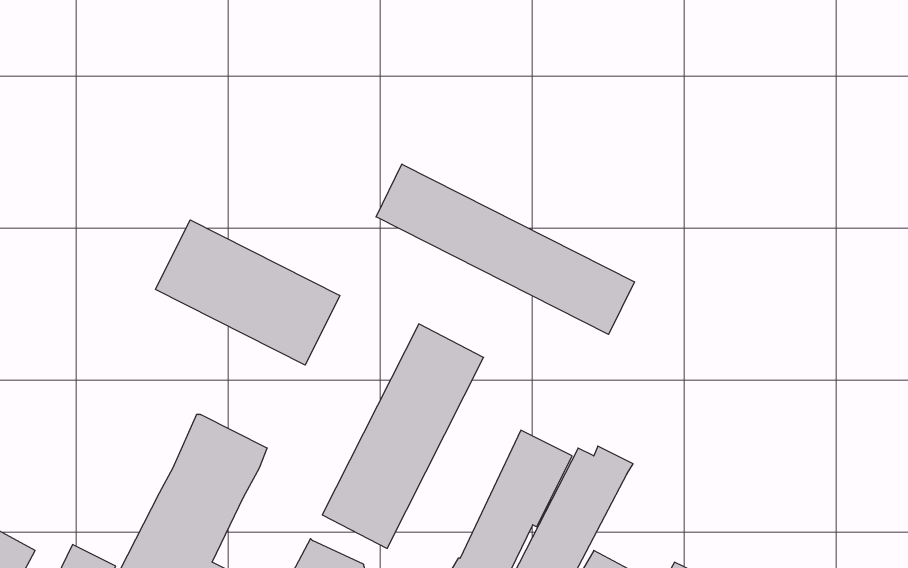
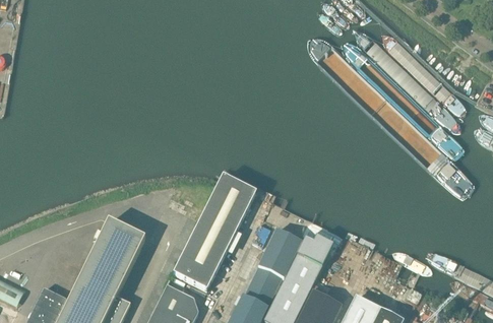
building: [376,164,634,334] -> none
building: [156,220,340,365] -> none

